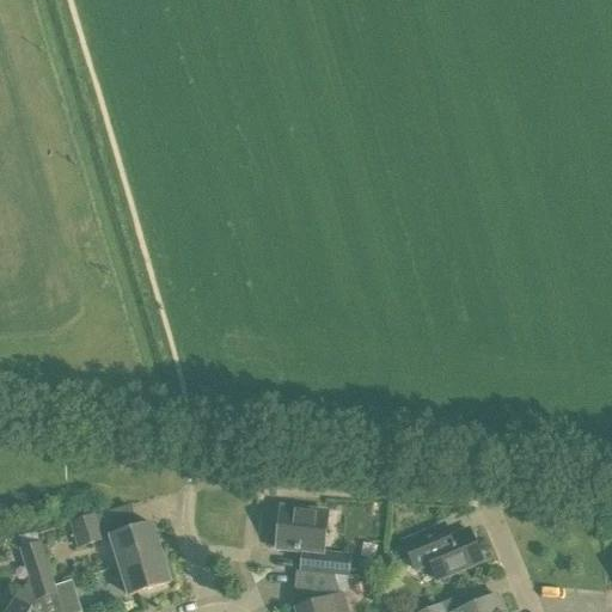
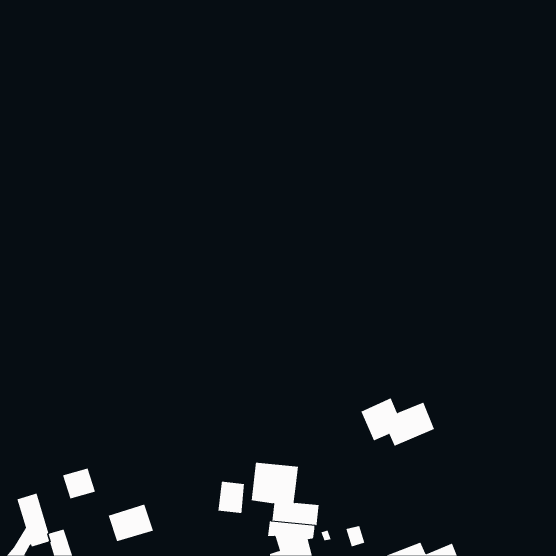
building: [110,524,159,565] -> none
building: [399,525,481,579] -> [361,397,435,446]
building: none -> [218,481,244,514]

